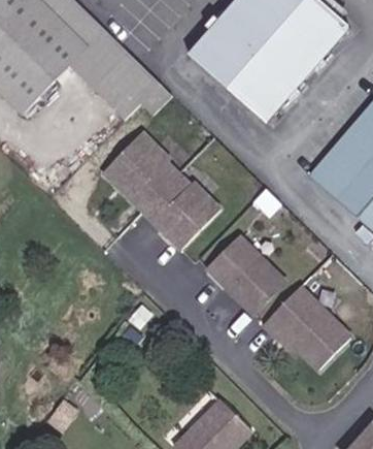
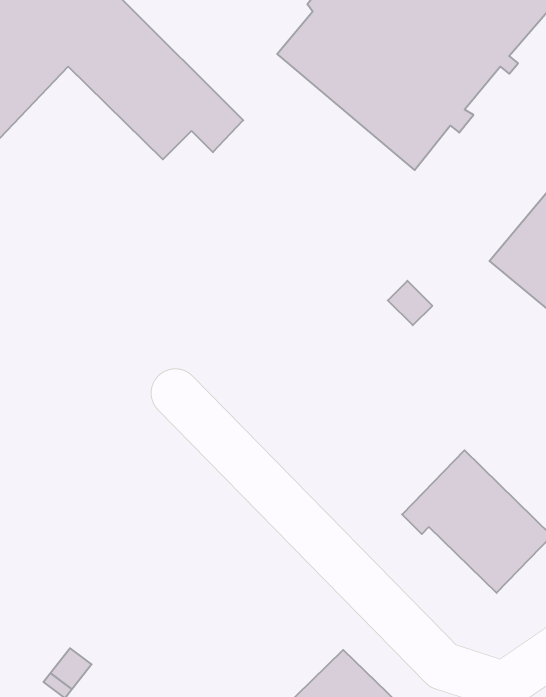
building: [100,132,217,250] -> none
building: [206,236,280,311] -> none

